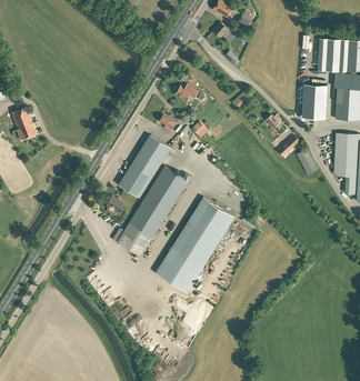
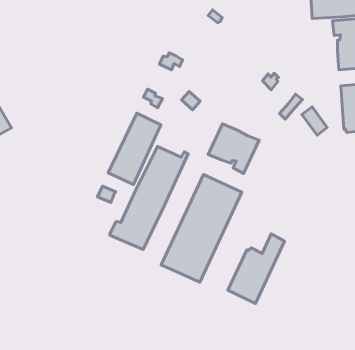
building: [301,84,327,119] -> none
building: none -> [208,124,259,174]
building: none -> [228,234,285,303]

